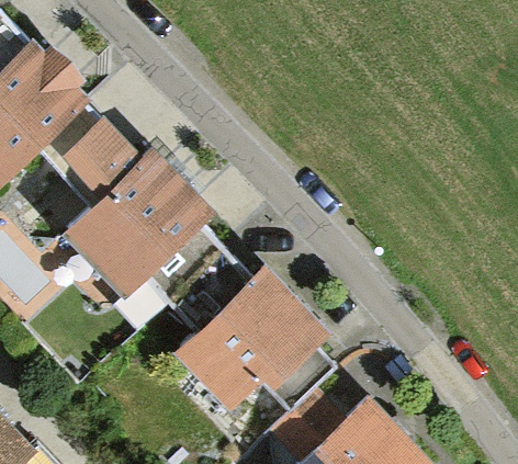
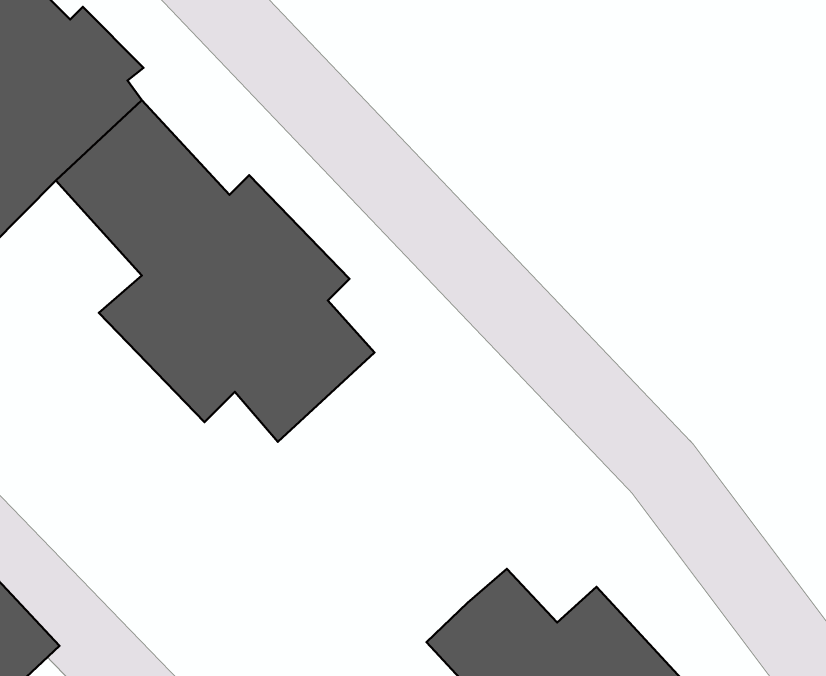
building: [172,259,337,416] -> none

